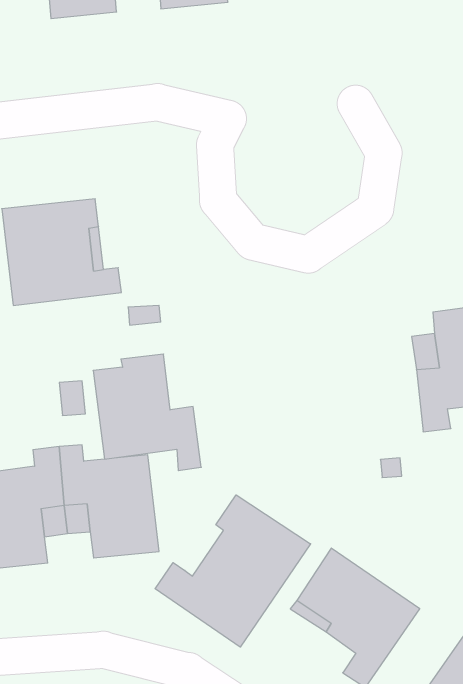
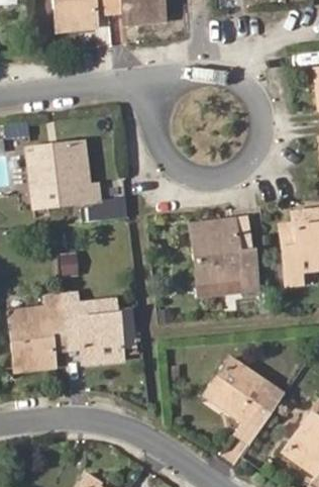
building: [93,354,201,471] -> [191,219,257,291]
building: [155,495,311,647] -> none

